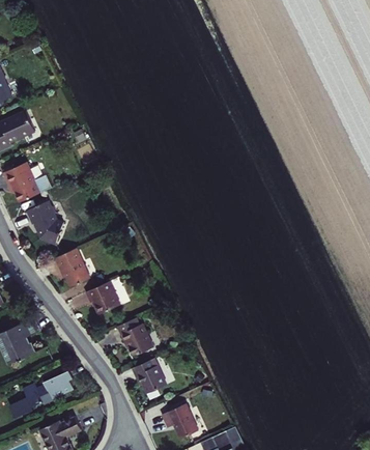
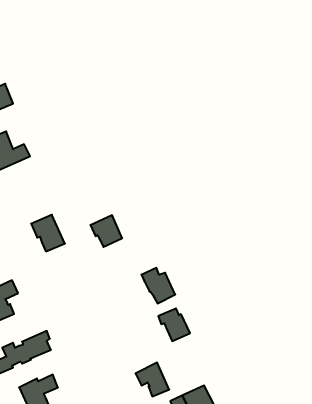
building: [26,201,63,244] -> none
building: [84,282,117,315] -> [90,215,122,247]
building: [116,319,151,357] -> [141,268,175,303]
building: [133,359,166,393] -> [158,308,190,341]

